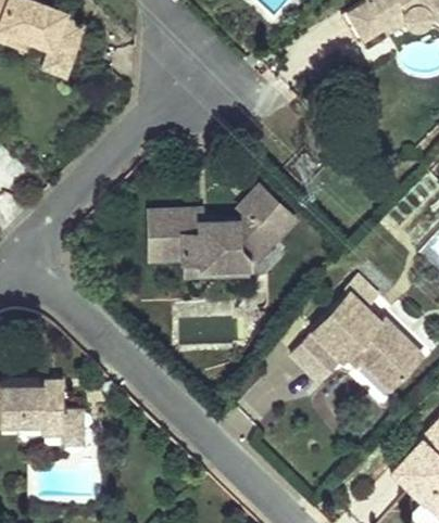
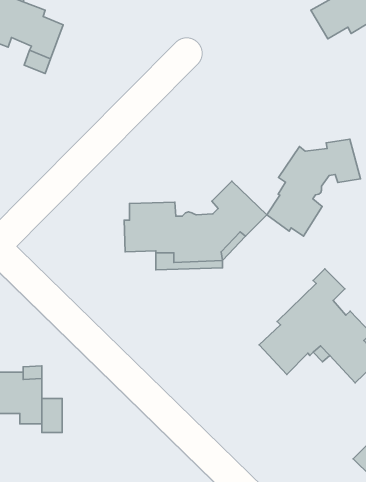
building: none -> [267,139,360,236]

